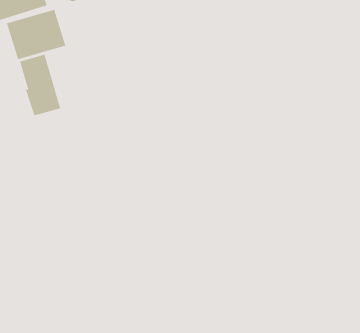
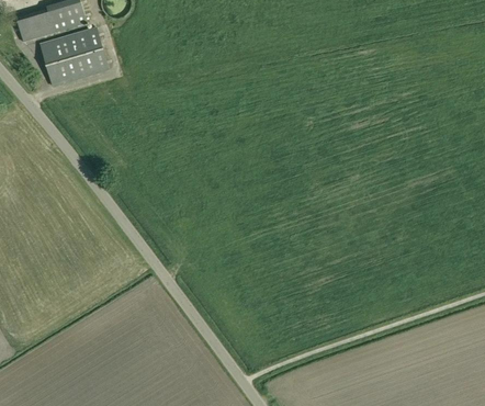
building: [20,54,61,116] -> none

